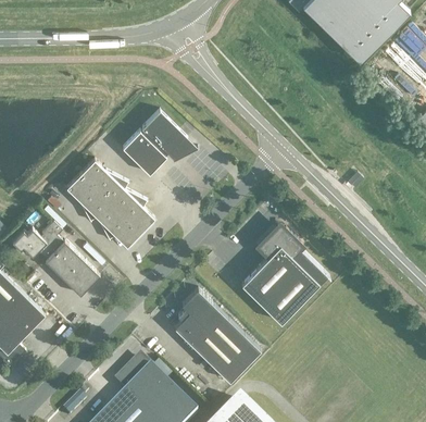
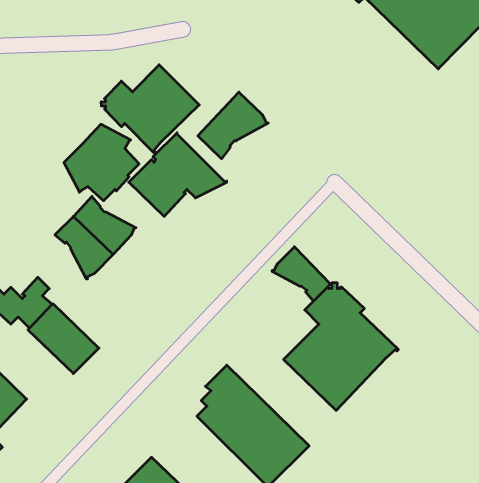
building: none -> [101,65,199,153]
building: none -> [198,92,268,159]
building: [96,188,153,247] -> [64,124,139,201]
building: none -> [272,247,331,301]

